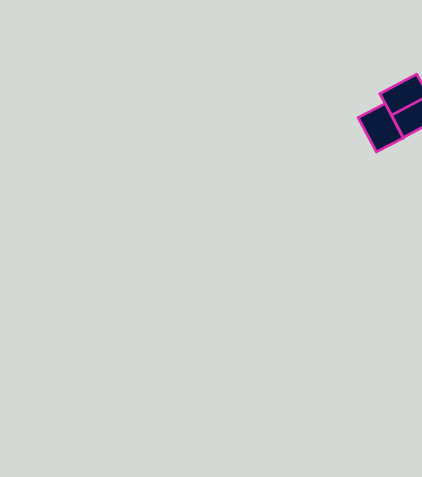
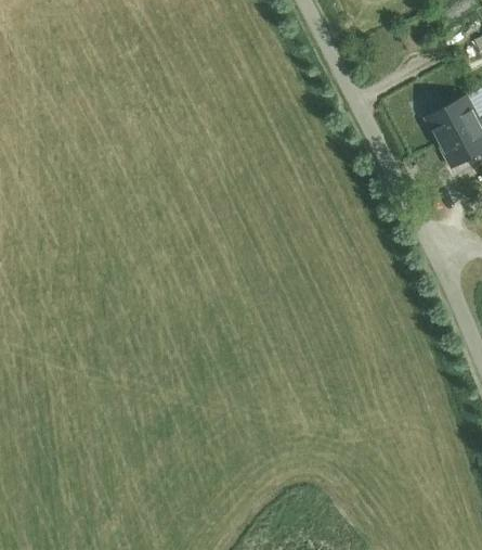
building: [358,104,403,152] -> none

